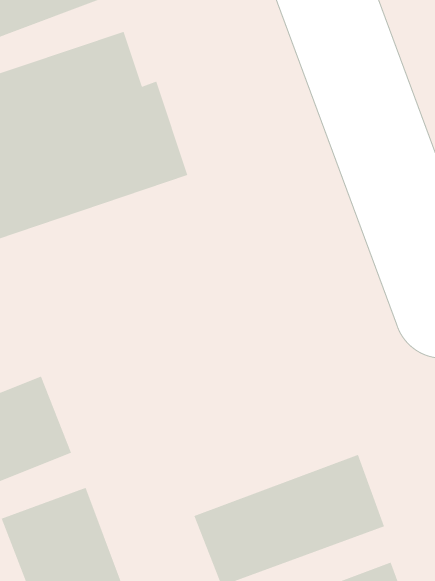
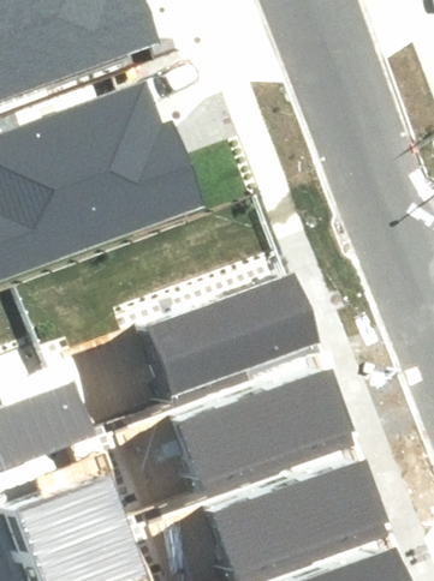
building: none -> [143,284,317,406]
building: none -> [174,375,349,496]

